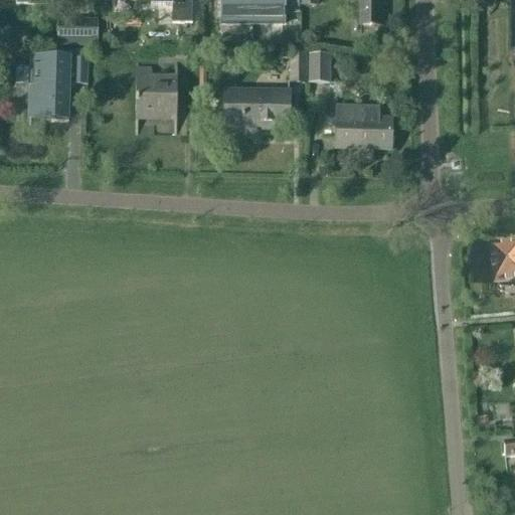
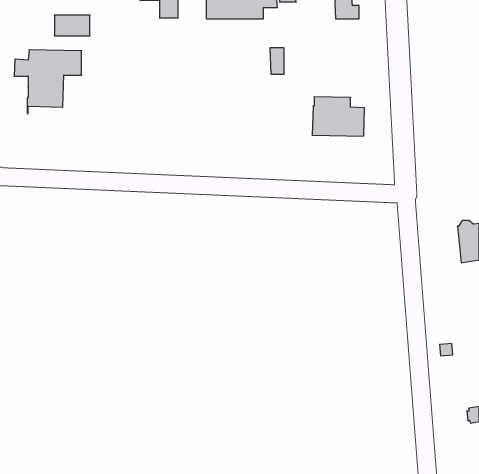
building: [309,50,329,79] -> none
building: [135,58,177,131] -> none
building: [224,88,289,124] -> none

